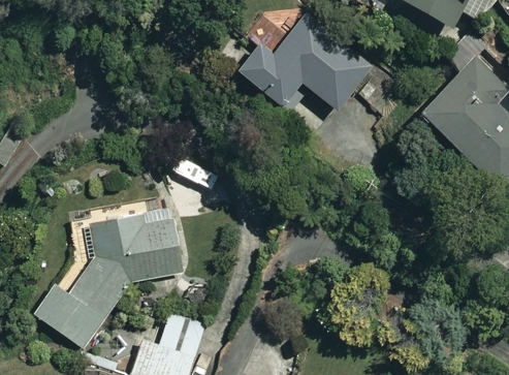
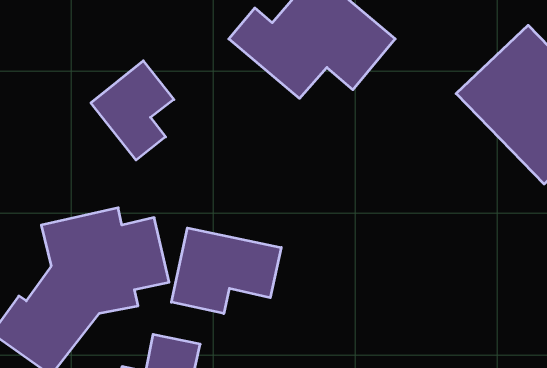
building: none -> [91,61,174,160]
building: none -> [171,228,281,314]

